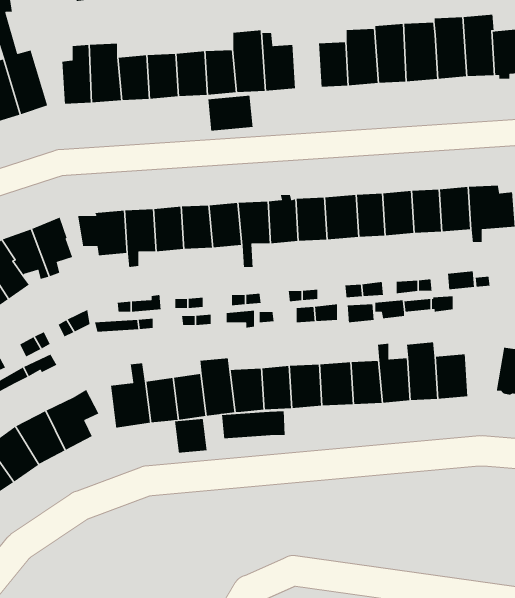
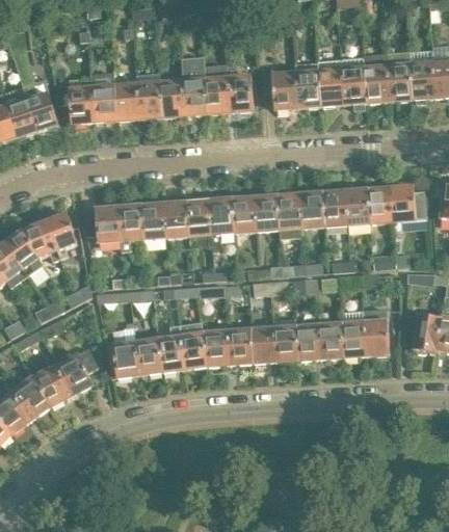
building: [207,95,253,131] -> none
building: [221,411,285,439] -> none
building: [174,418,207,454] -> none

